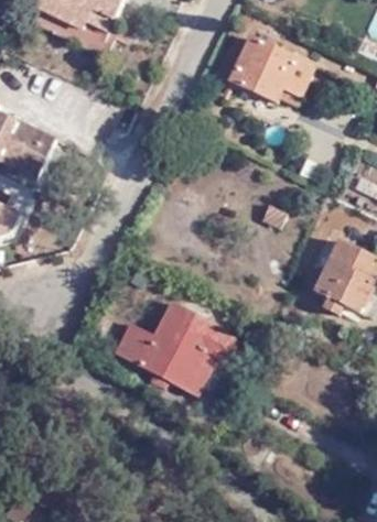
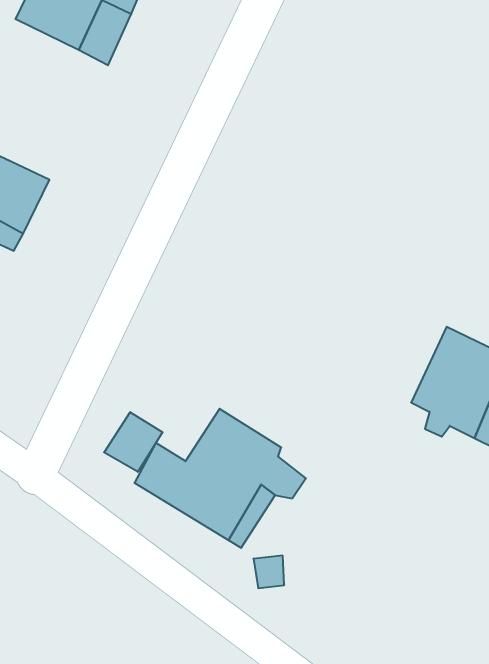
building: [228,33,313,99] -> none
building: none -> [104,412,163,472]

